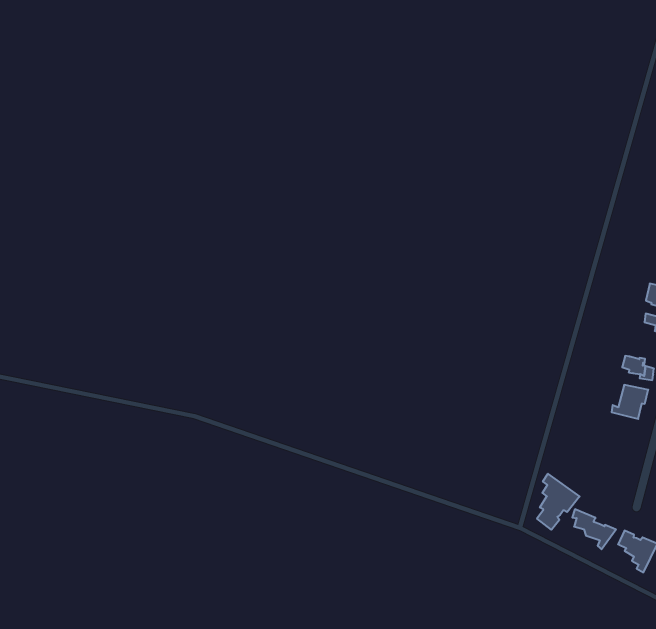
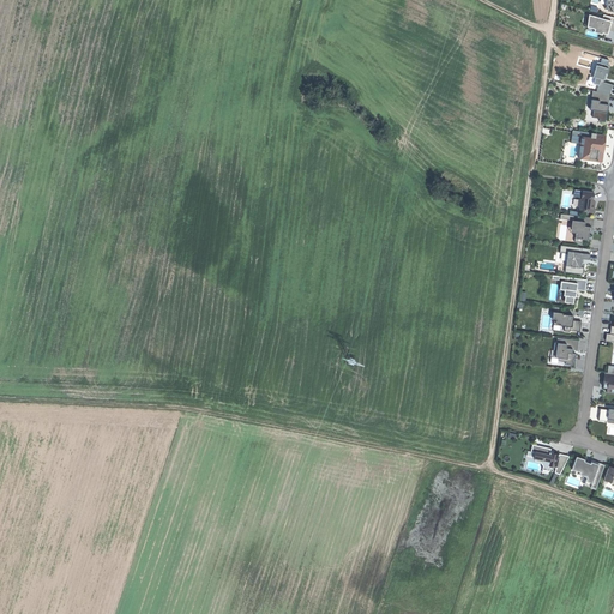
building: [537,474,580,530] -> none

